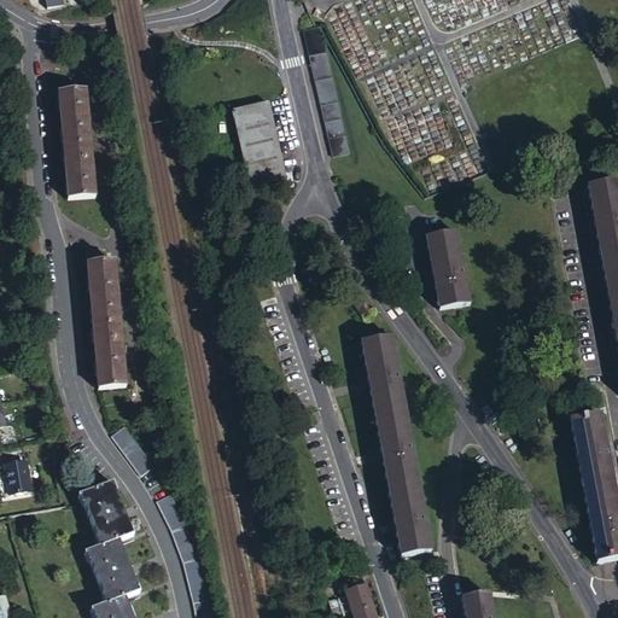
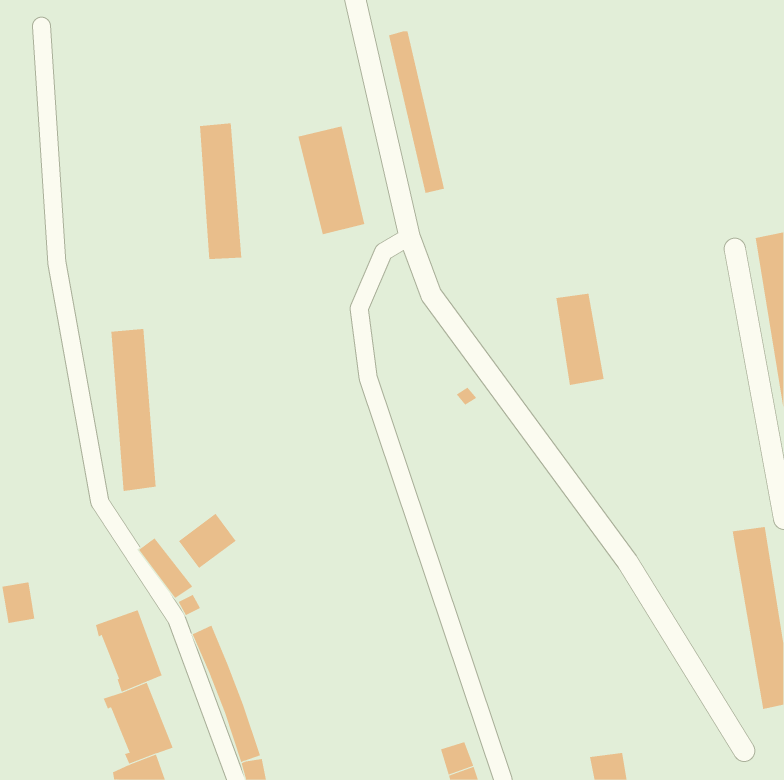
building: [59,88,93,196] -> [199,123,242,259]
building: [369,343,432,554] -> none
building: none -> [178,513,237,569]

